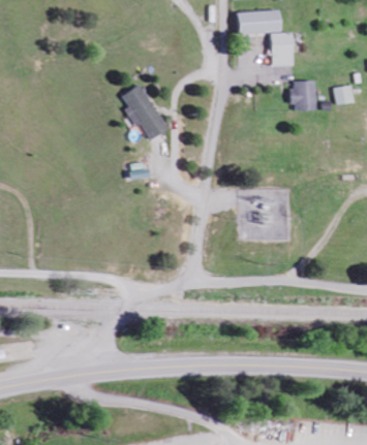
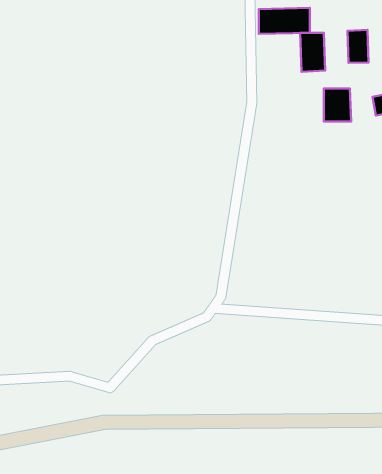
building: none -> [348,30,368,63]
building: [121,83,164,137] -> none

